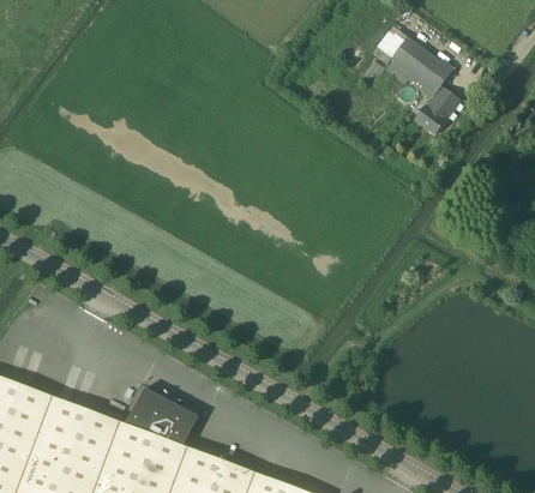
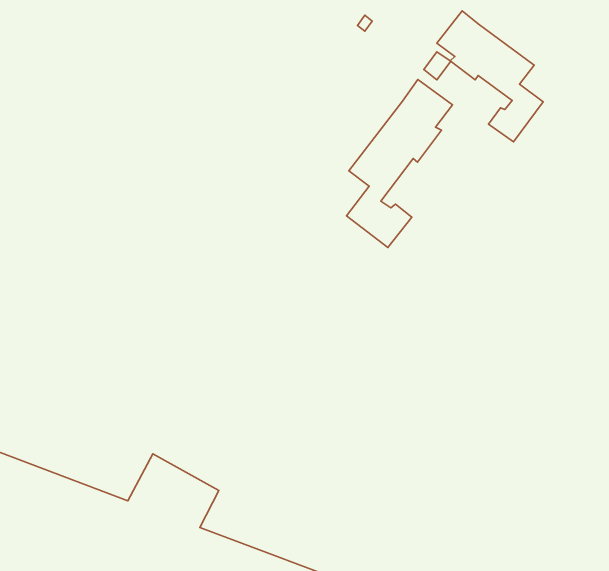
building: none -> [347,79,453,248]

